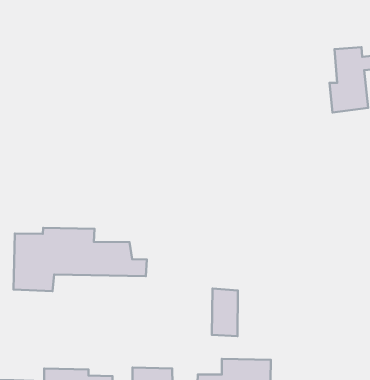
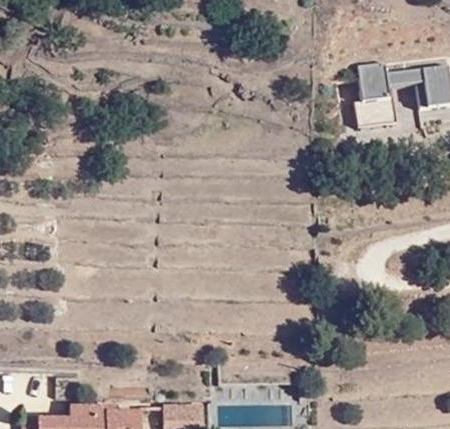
building: [13,228,147,291] -> none
building: [212,288,238,336] -> none

